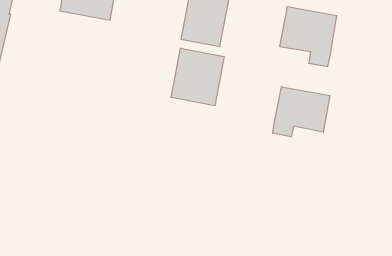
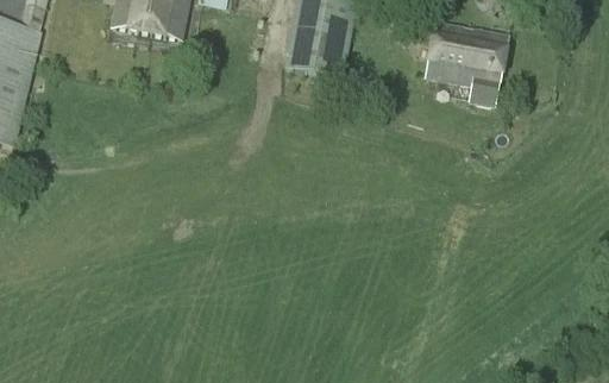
building: [171,48,224,106] -> none
building: [273,87,330,137] -> none

